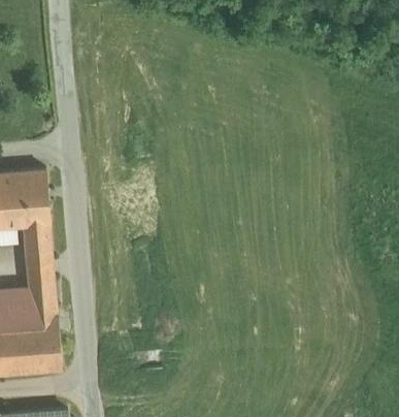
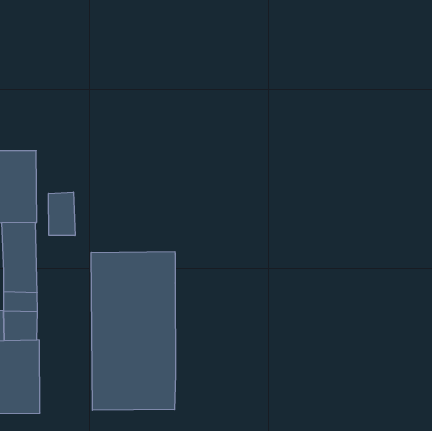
building: none -> [49,192,75,236]
building: none -> [91,252,176,410]

